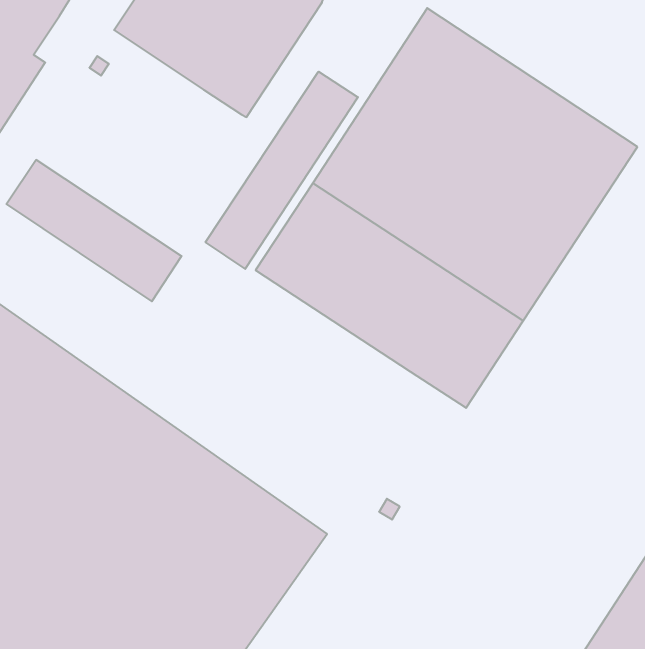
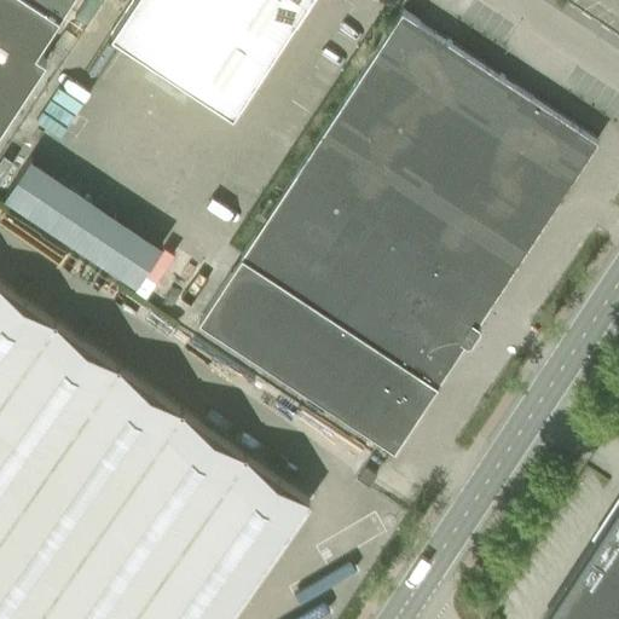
building: [206,72,358,269] -> none
building: none -> [197,264,436,457]

